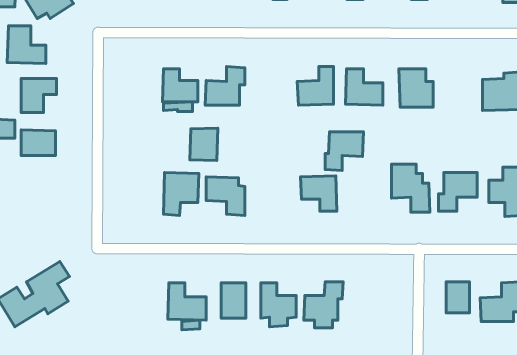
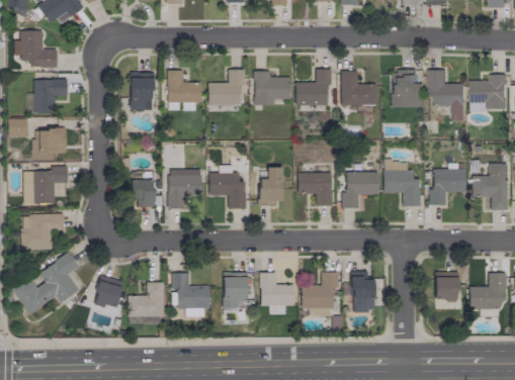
building: none -> [429,70,466,120]
building: none -> [254,71,291,104]
building: none -> [131,72,154,111]
building: [190,128,218,161] -> none
building: [325,132,364,171] -> [343,172,379,208]
building: none -> [23,166,68,203]
building: none -> [259,167,283,204]
building: none -> [131,180,155,207]
building: none -> [21,214,65,250]
building: none -> [345,271,375,311]
building: none -> [95,275,123,308]
building: none -> [128,283,164,316]

